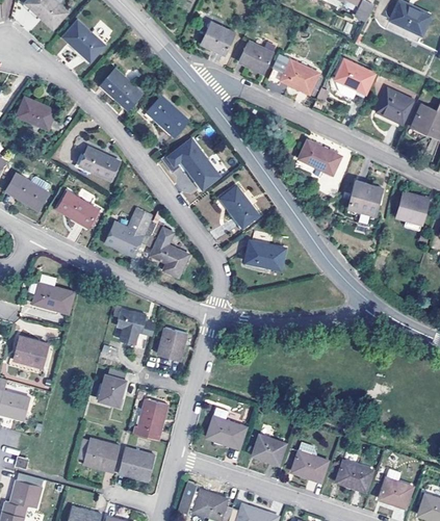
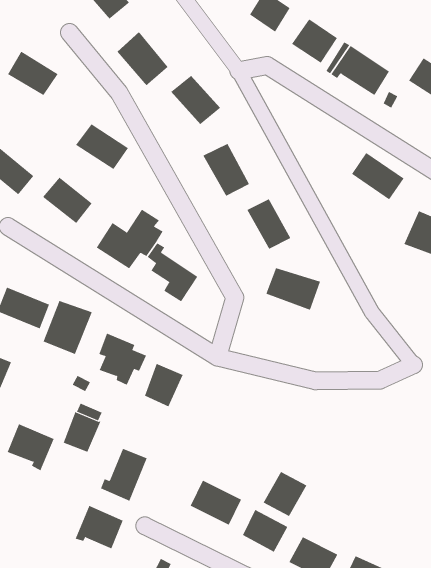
building: none -> [43,300,92,355]
building: none -> [263,471,307,517]
building: [83,439,120,474] -> [7,423,54,471]

